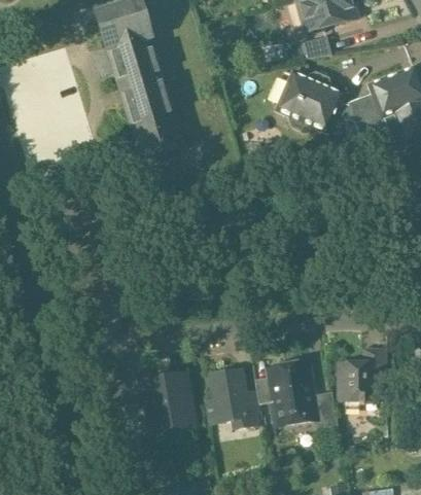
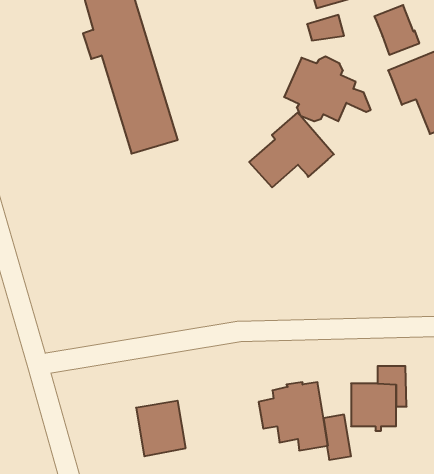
building: [348,92,388,136] -> [374,5,419,55]
building: none -> [249,113,334,187]
building: [206,372,258,427] -> none

